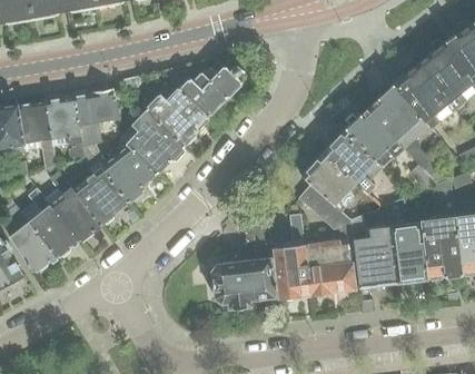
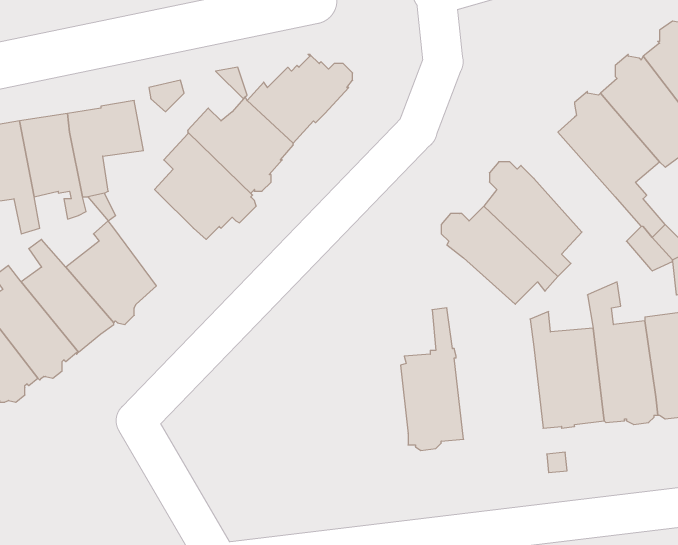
building: [345,109,408,169] -> none
building: [100,146,156,203] -> none
building: [297,185,353,298] -> none
building: [210,216,275,309] -> none

